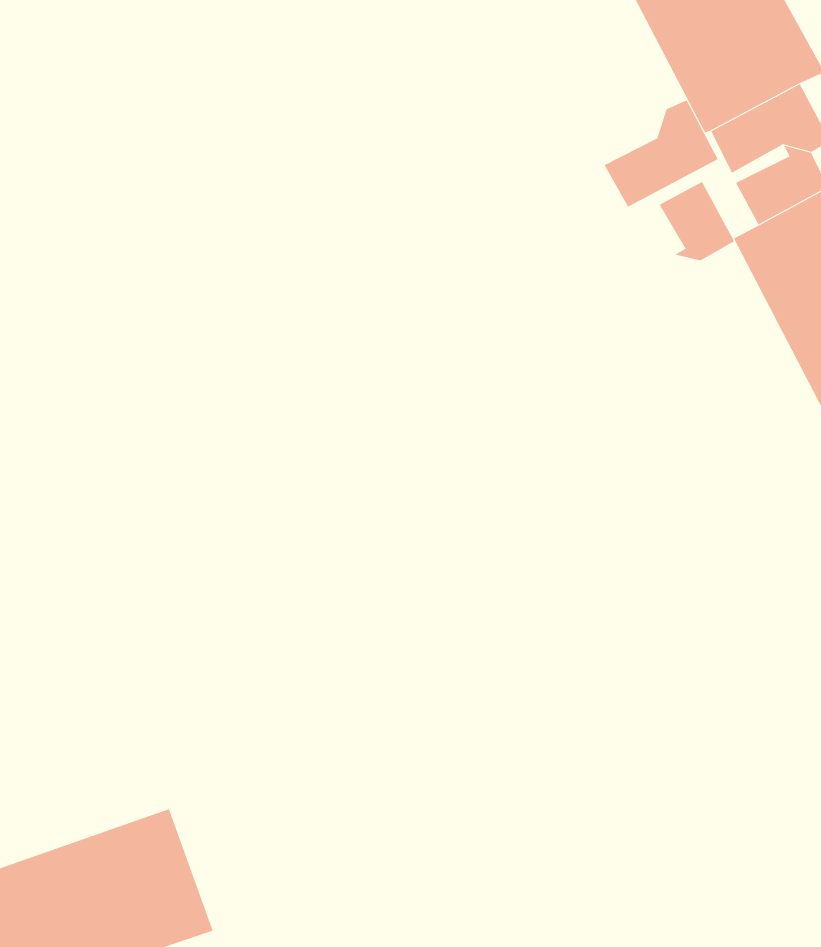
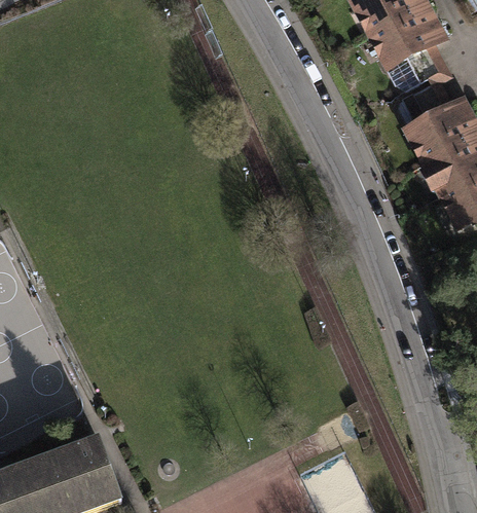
building: [604,99,718,208] -> none
building: [659,181,735,261] -> none

